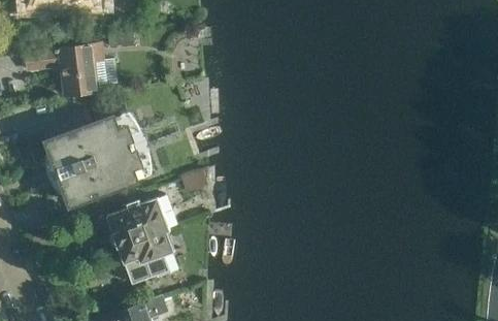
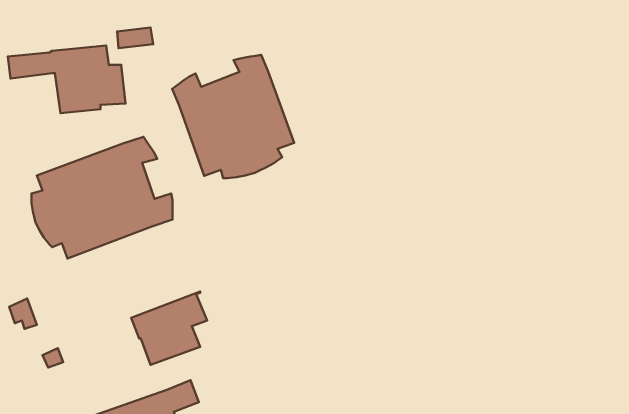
building: none -> [172,55,294,178]
building: [105,195,168,248] -> none

